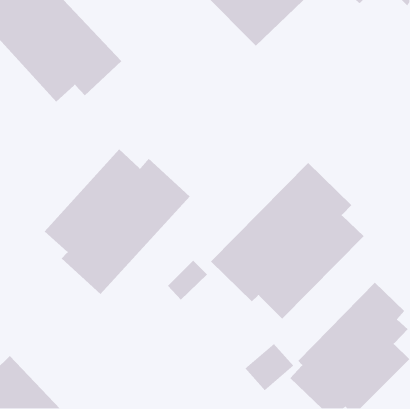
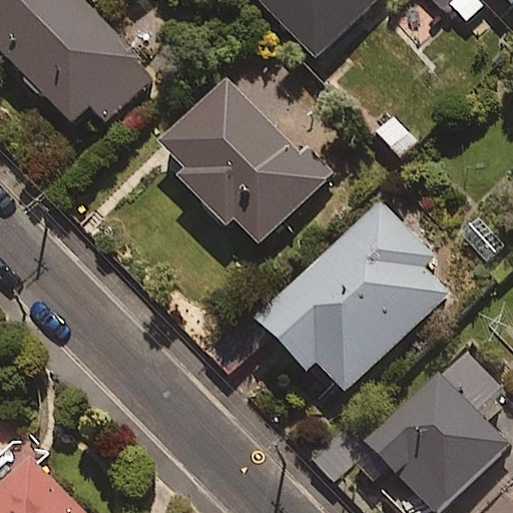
building: none -> [161,77,328,244]
building: [44,149,191,295] -> none

